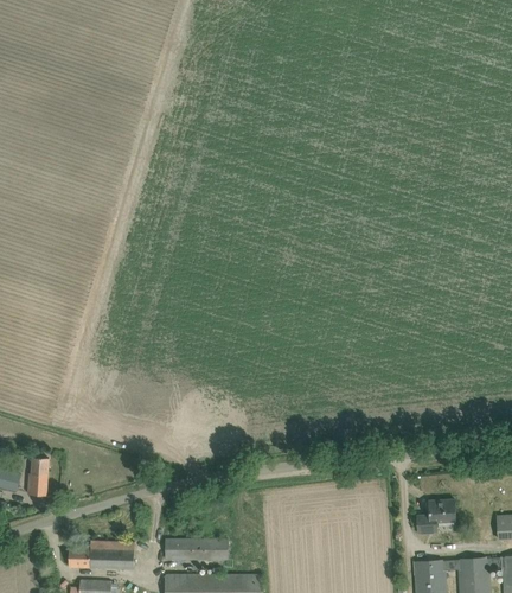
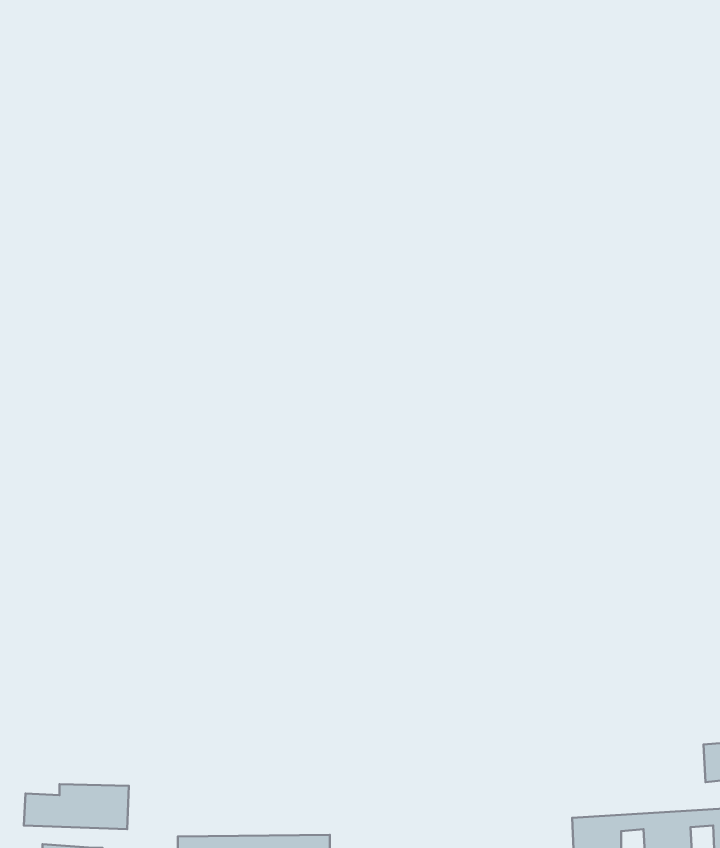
building: [416,499,455,534] -> none
building: [165,540,228,560] -> none

